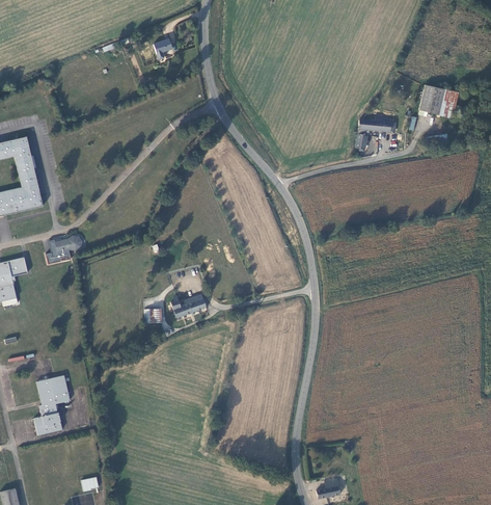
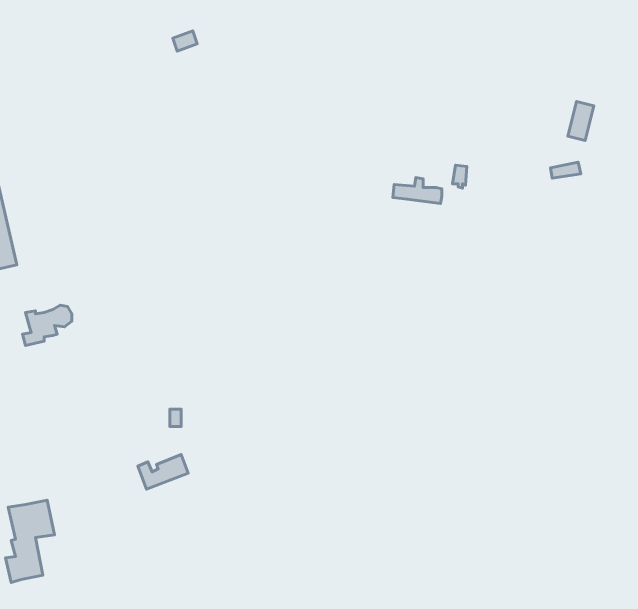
building: [419,83,445,113] -> none
building: [359,113,394,132] -> [393,177,442,203]
building: [170,293,207,318] -> [138,454,188,489]

